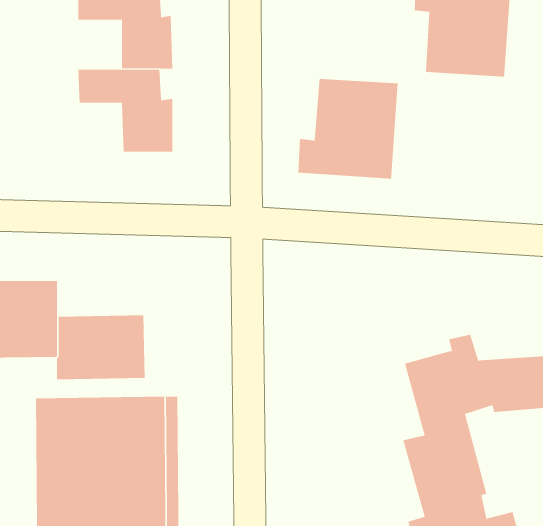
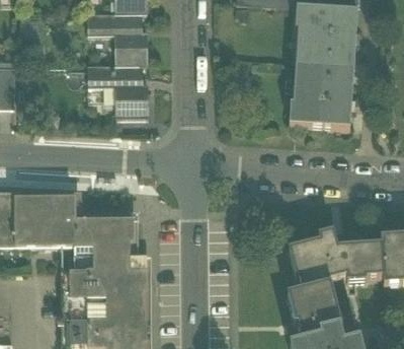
building: [298,78,398,179] -> [291,65,353,128]
building: none -> [74,216,150,268]

